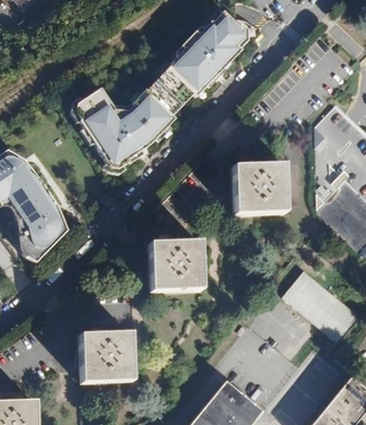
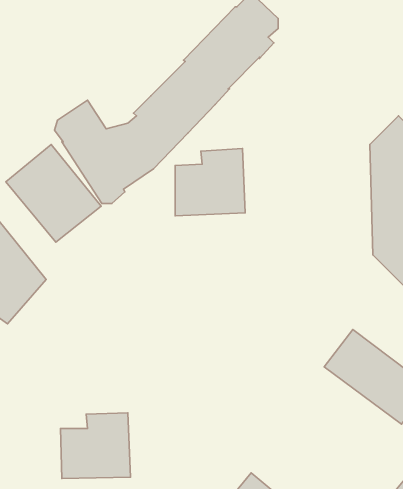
building: none -> [6,144,101,242]
building: [233,163,286,214] -> [175,148,245,216]
building: [149,240,201,291] -> none

